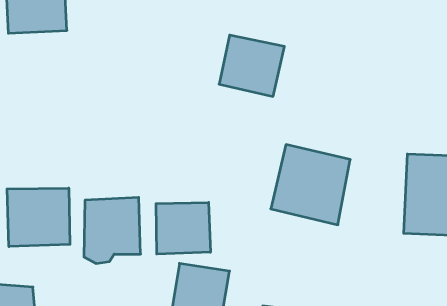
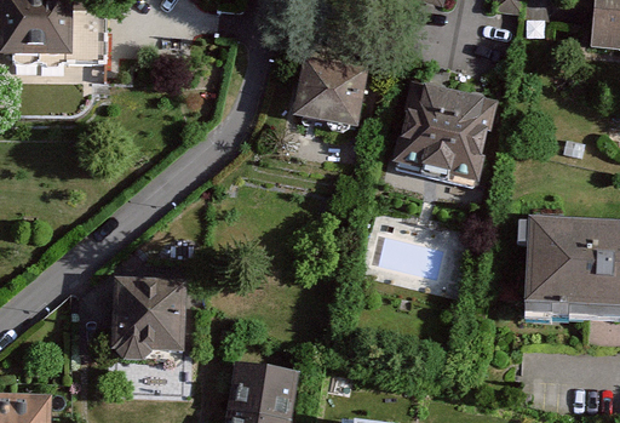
building: [271,145,350,225] -> [384,91,486,194]
building: [7,188,70,247] -> none
building: [156,202,210,254] -> none

